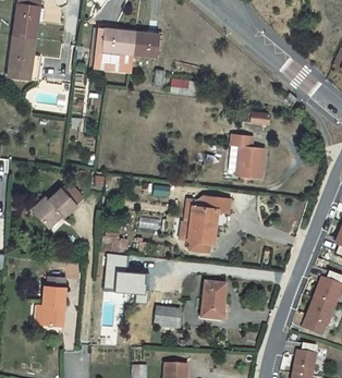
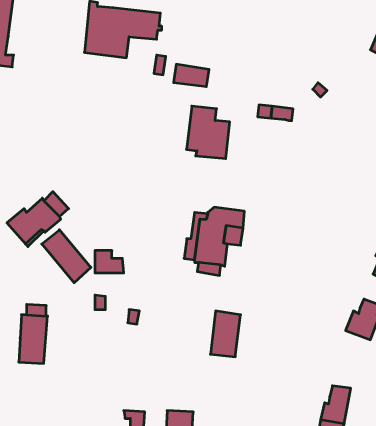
building: [228,134,264,178] -> [186,106,230,159]
building: none -> [42,230,91,283]
building: [305,297,333,333] -> none
building: [154,306,180,327] -> none

